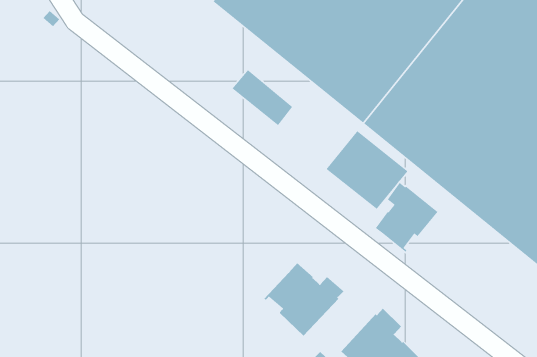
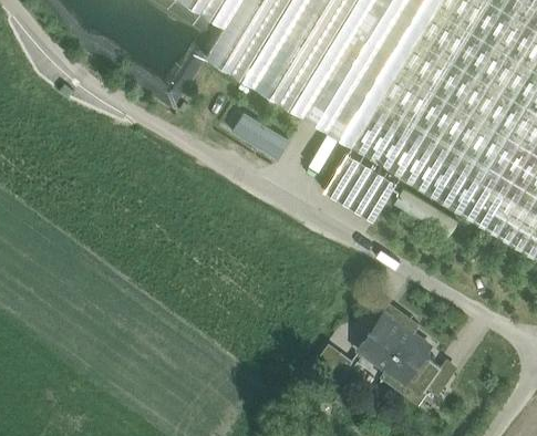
building: [375,182,439,253] -> none
building: [263,263,345,337] -> none

